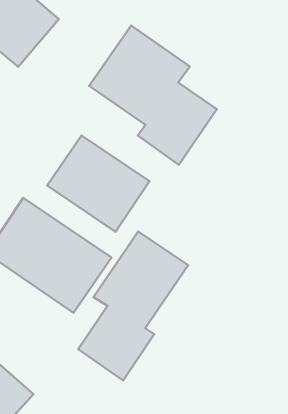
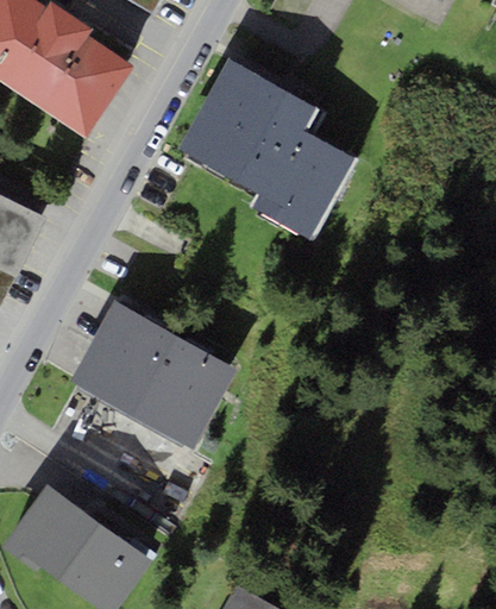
building: [47,135,150,232] -> none
building: [78,231,188,381] -> none

